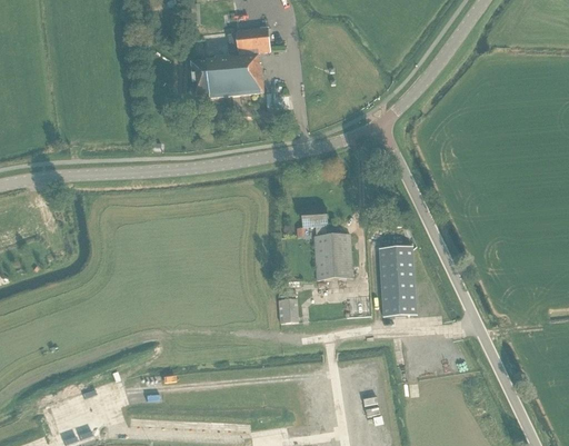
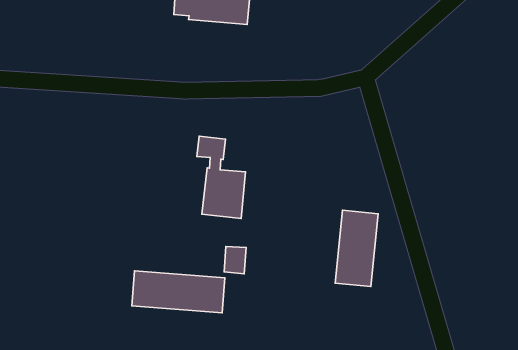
building: [301,206,352,278] -> [197,136,245,218]
building: none -> [132,271,225,313]

